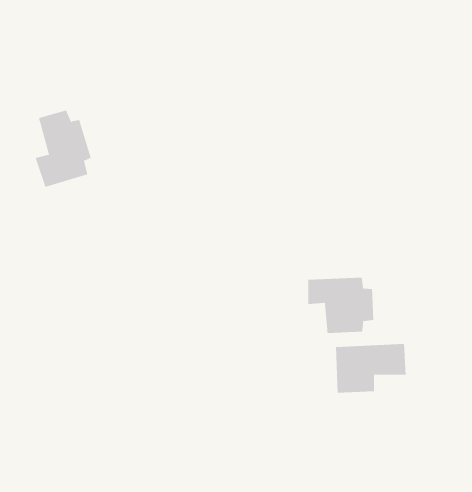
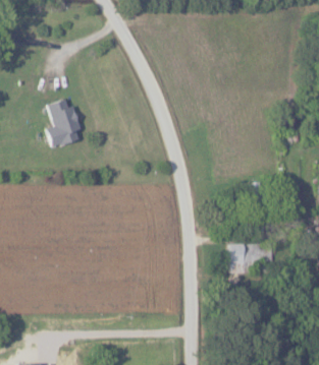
building: [308,277,374,334] -> none

